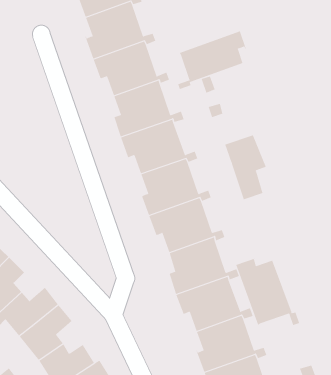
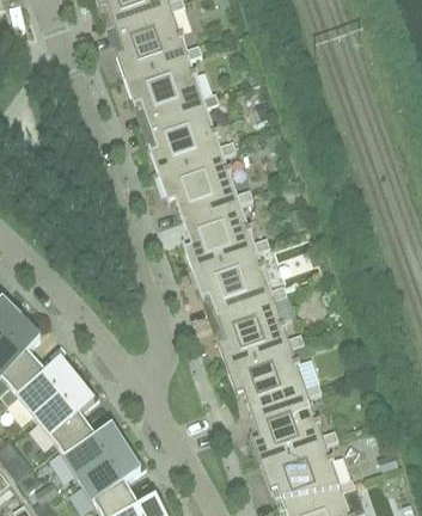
building: [177,31,246,90] -> none
building: [225,135,266,200] -> none
building: [236,257,300,326] -> none

